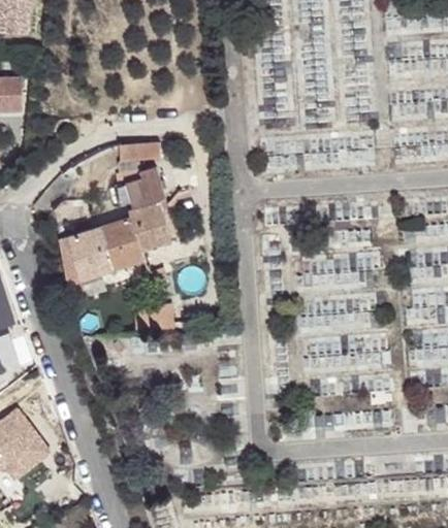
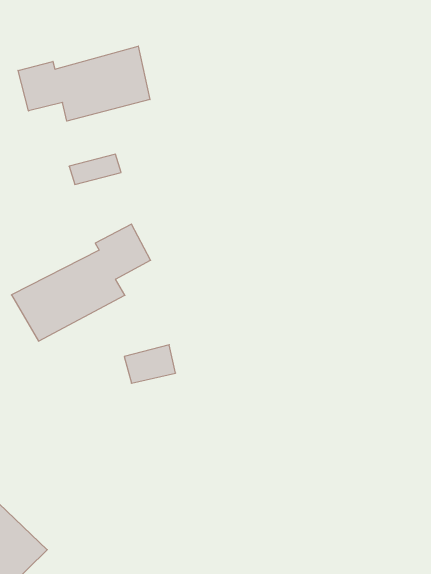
building: none -> [18,46,150,121]
building: [116,165,167,206] -> none

